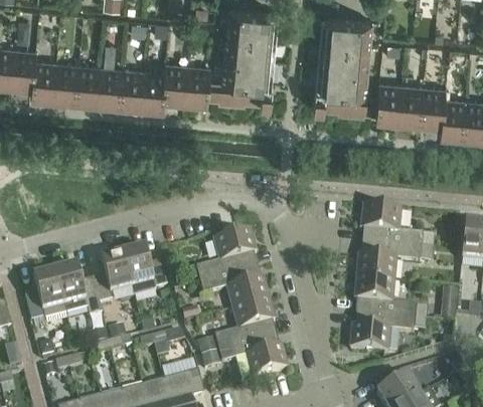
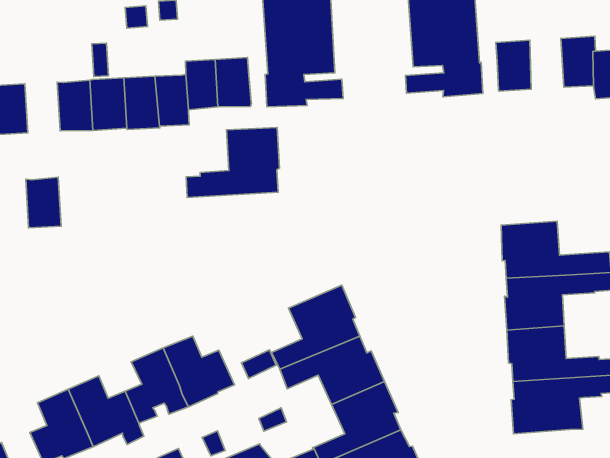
building: [53,64,78,99] -> [26,177,61,228]
building: [397,86,423,122] -> none
building: none -> [186,127,279,197]

